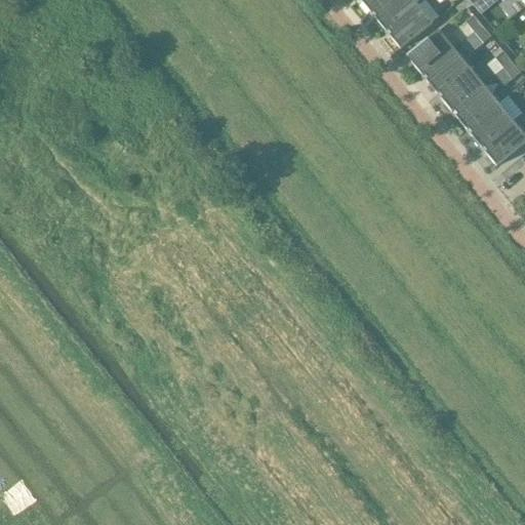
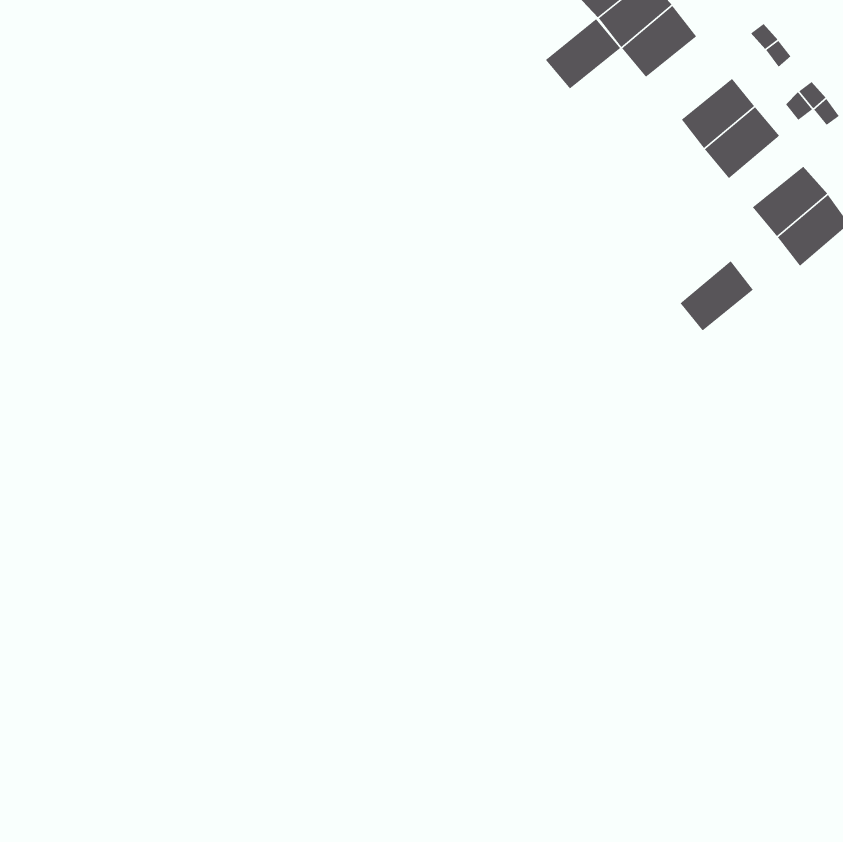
building: [408,30,455,74] -> [545,18,621,90]
building: [453,84,499,128] -> [679,260,754,331]

